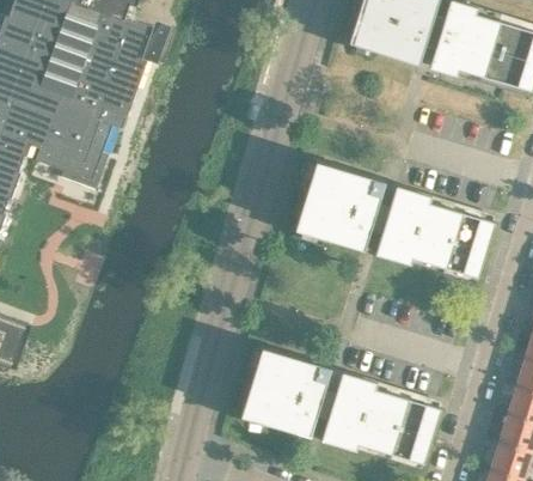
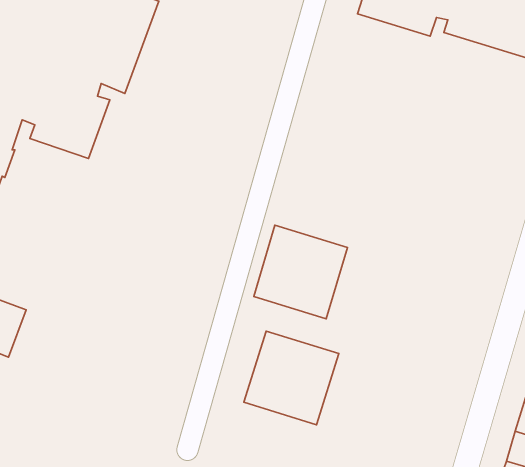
building: [294,162,384,251] -> [254,225,348,319]
building: [376,193,494,279] -> none
building: [321,379,440,465] -> none

